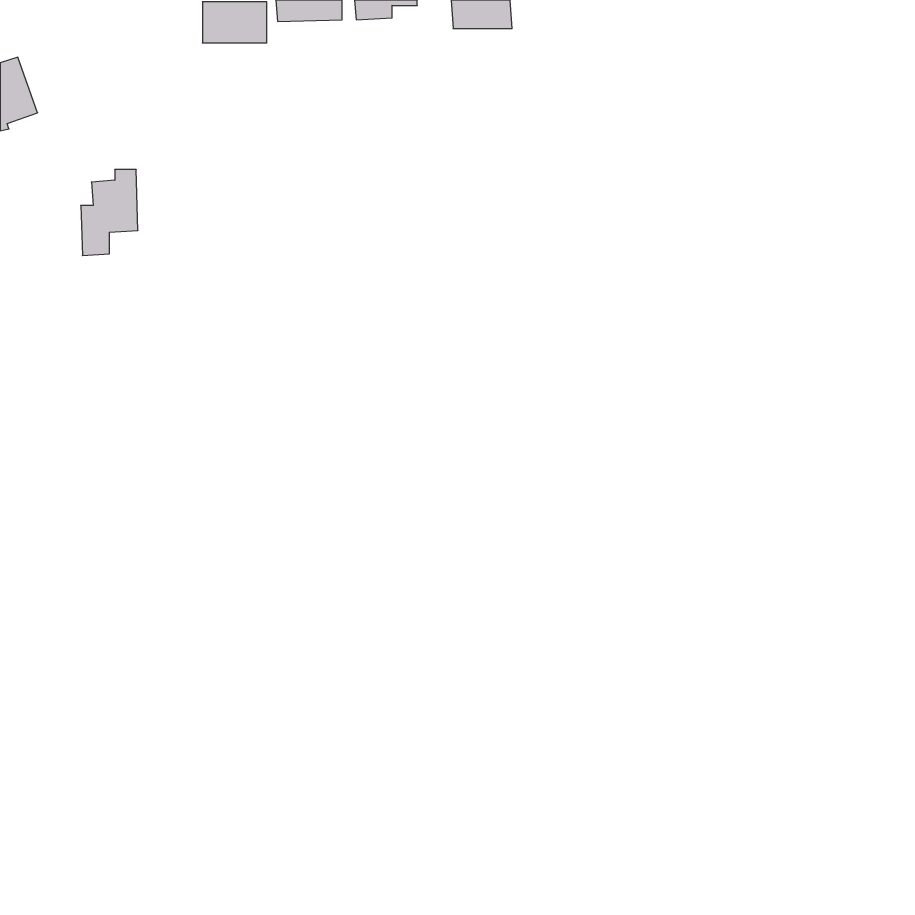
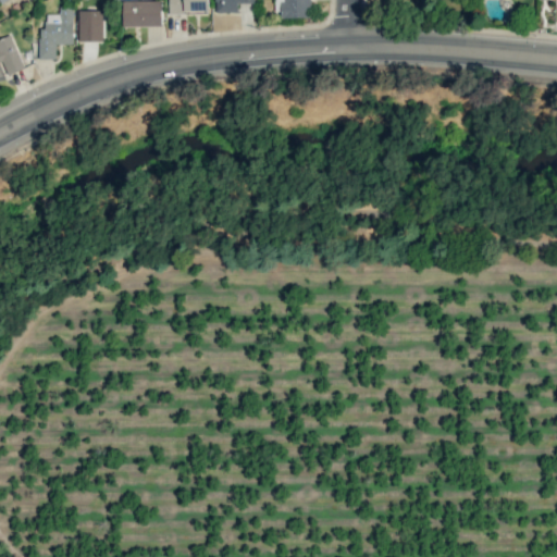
building: none -> [78,10,103,41]
building: [81,170,138,256] -> [38,7,73,59]

